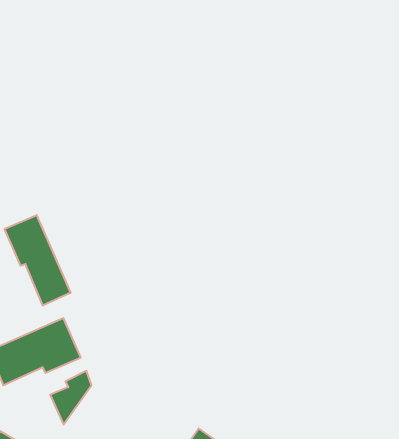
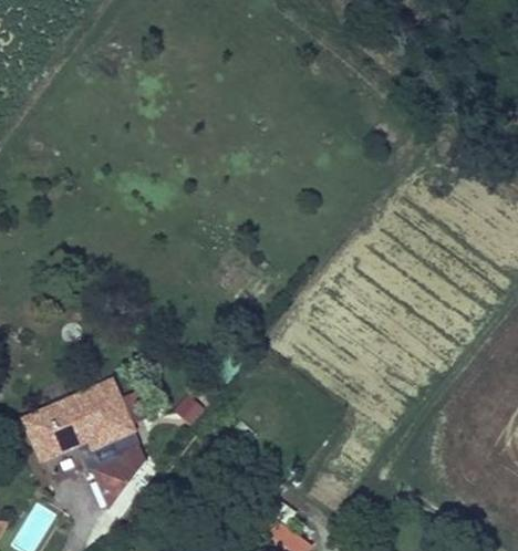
building: [5,215,71,306] -> none

